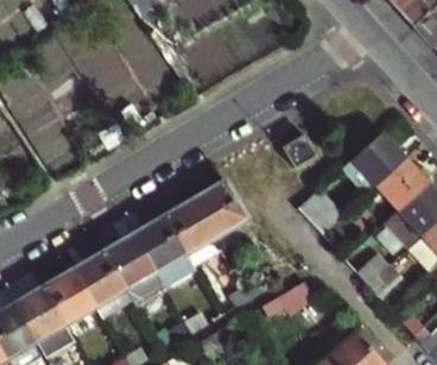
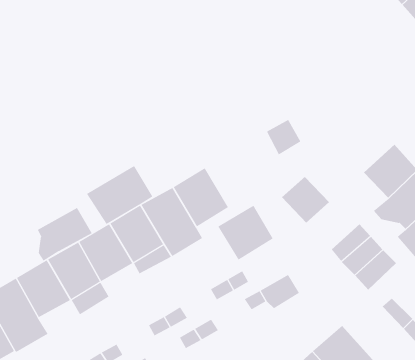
building: [343,131,406,193] -> none
building: none -> [86,165,153,225]
building: none -> [217,205,273,260]
building: none -> [37,207,93,262]

